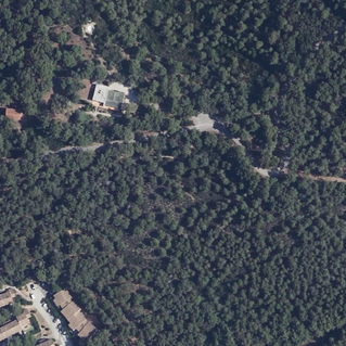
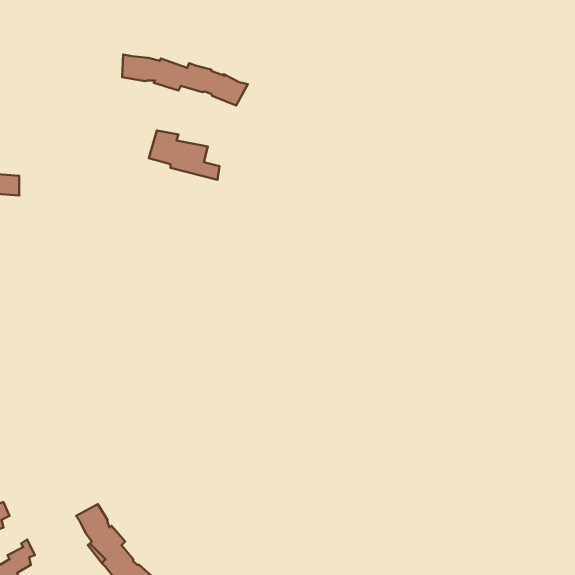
building: none -> [122,54,248,106]

